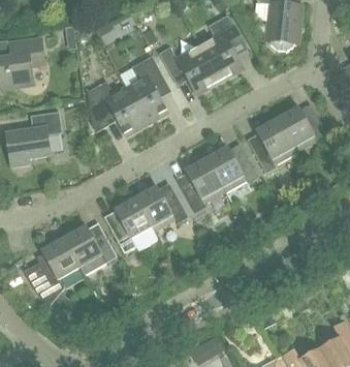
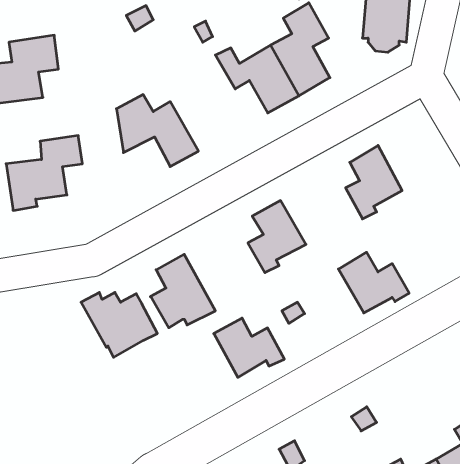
building: [126,55,167,122] -> none
building: [278,106,328,151] -> none
building: [206,146,258,190] -> [338,252,409,313]
building: [136,186,188,230] -> [214,318,284,377]
building: [24,233,79,308] -> none

